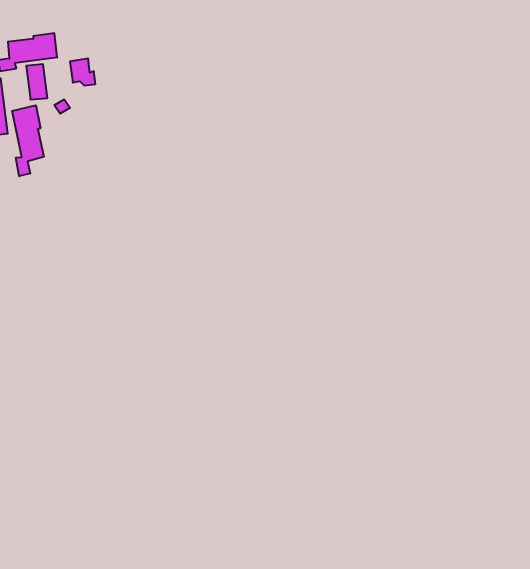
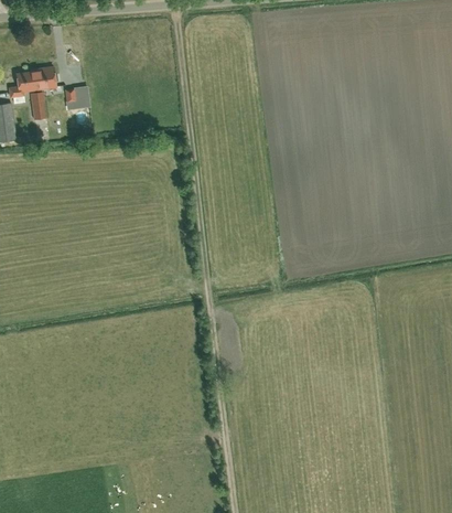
building: [12,105,44,176] -> none

